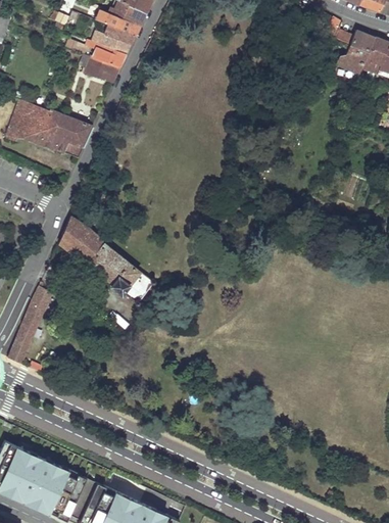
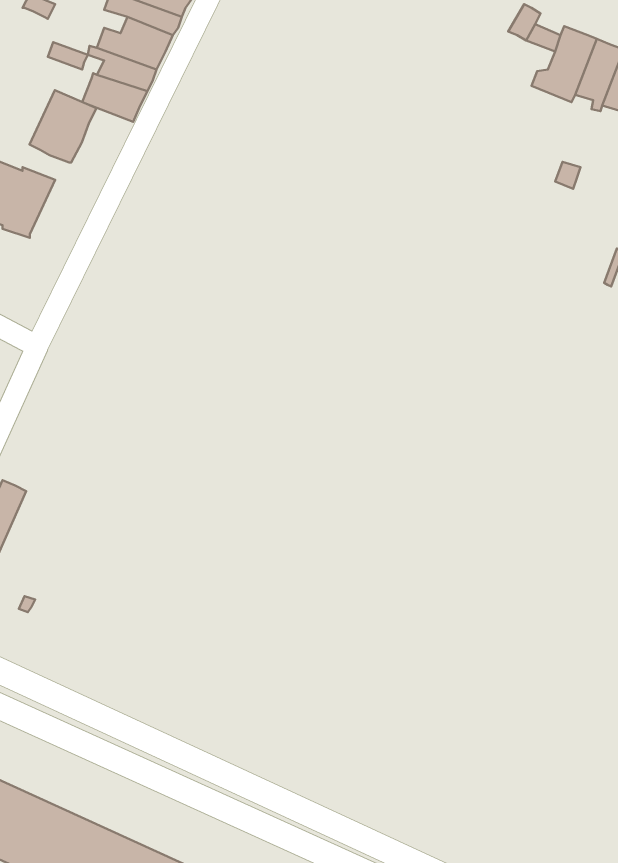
building: [54,116,92,157] -> [29,90,96,162]
building: [58,217,155,305] -> none

